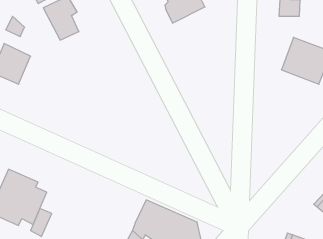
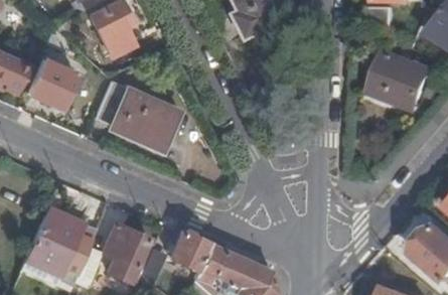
building: none -> [95,84,177,150]
building: none -> [102,225,154,282]
building: none -> [169,232,210,272]

